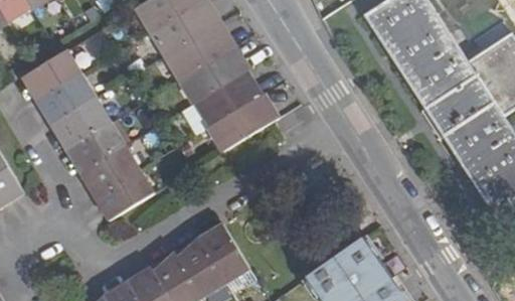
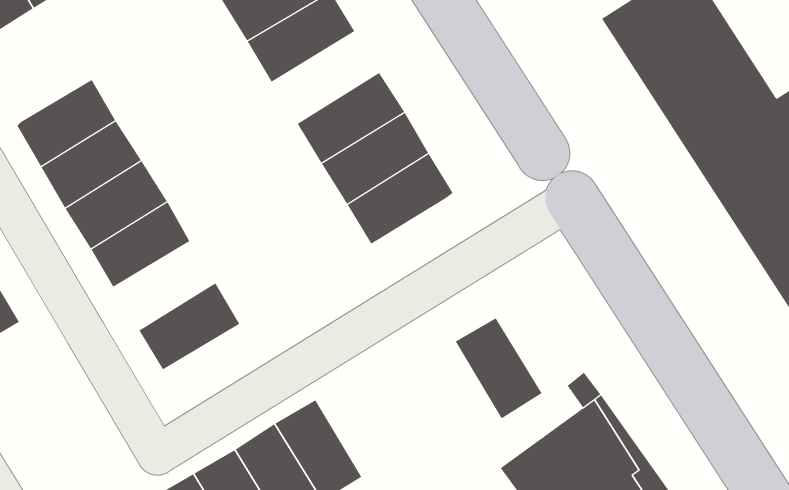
building: [171,23,234,78] -> none
building: [78,146,139,198] -> none
building: [197,224,248,284] -> [455,317,543,419]

